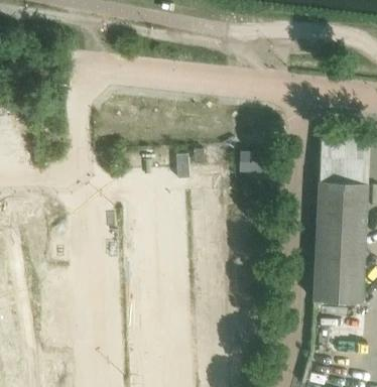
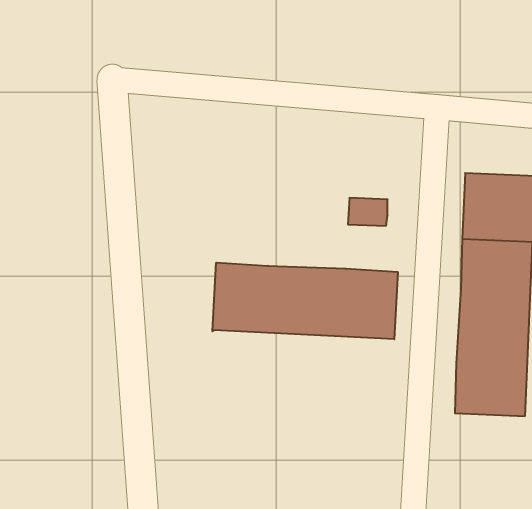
building: none -> [212,263,398,339]

